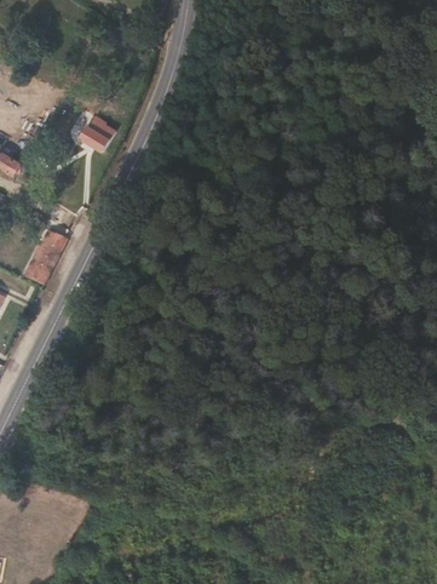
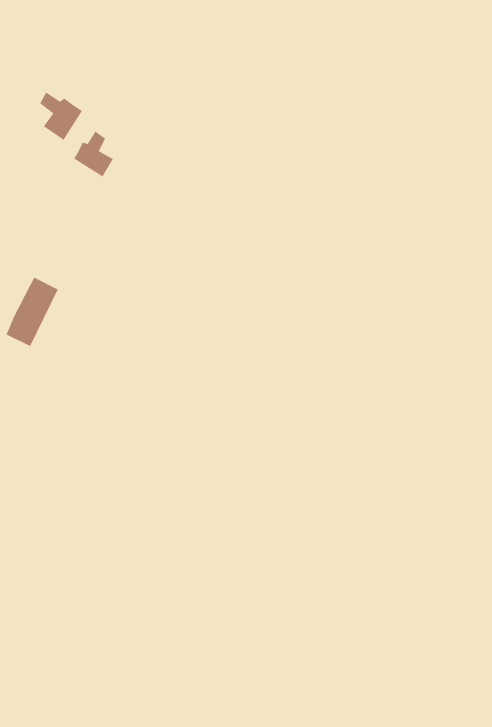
building: none -> [39,92,83,141]

